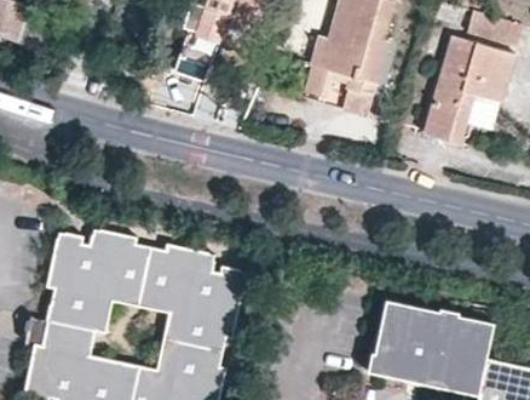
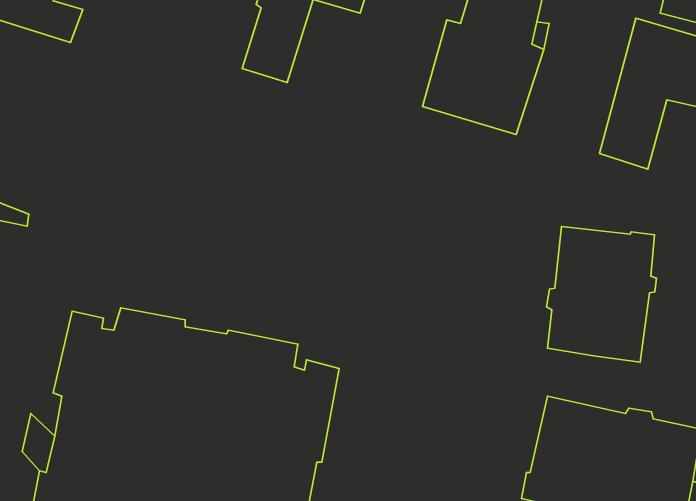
building: none -> [546,226,657,362]

